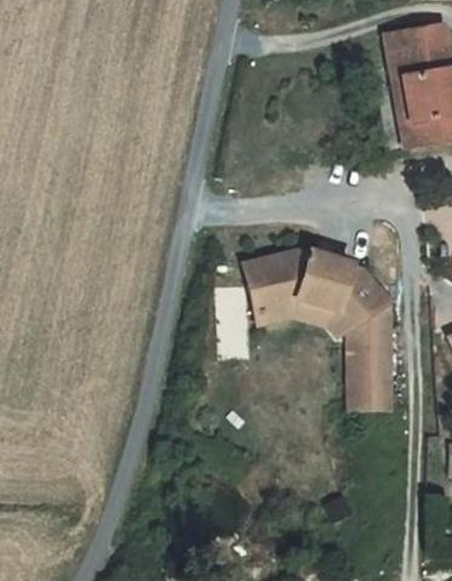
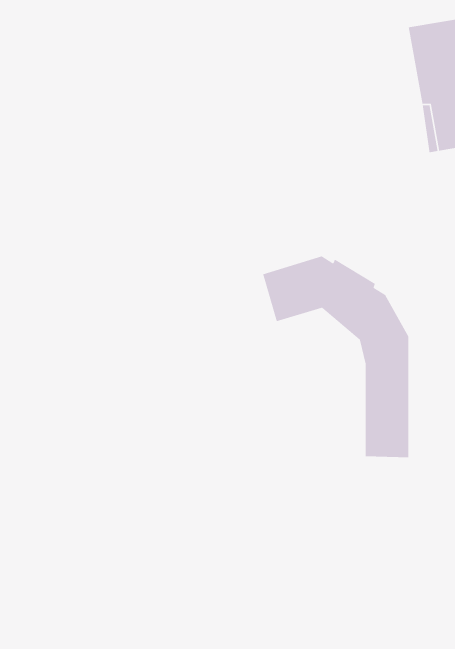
building: [270,280,348,332] -> none

